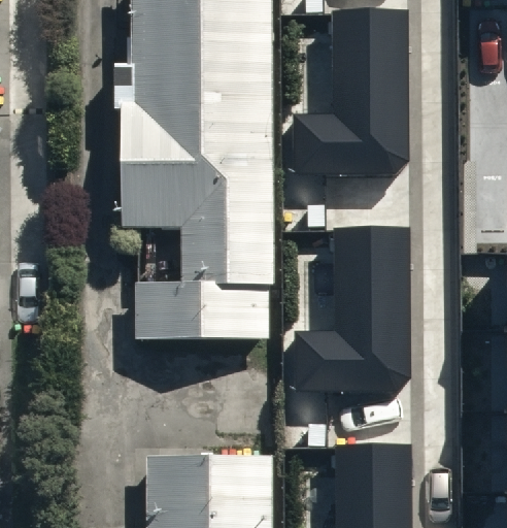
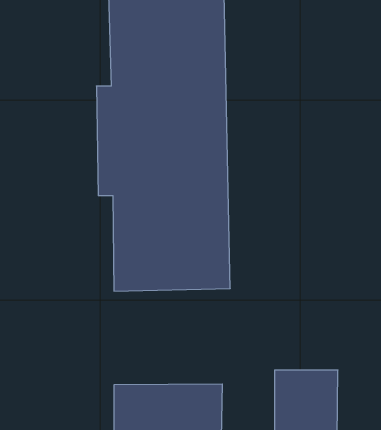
building: [292,12,406,174] -> none
building: [295,226,409,388] -> none

